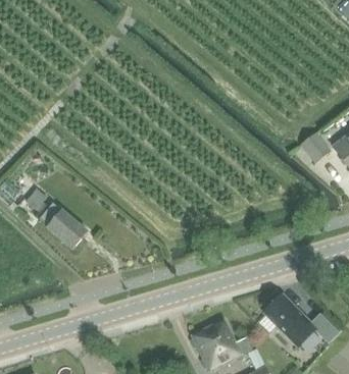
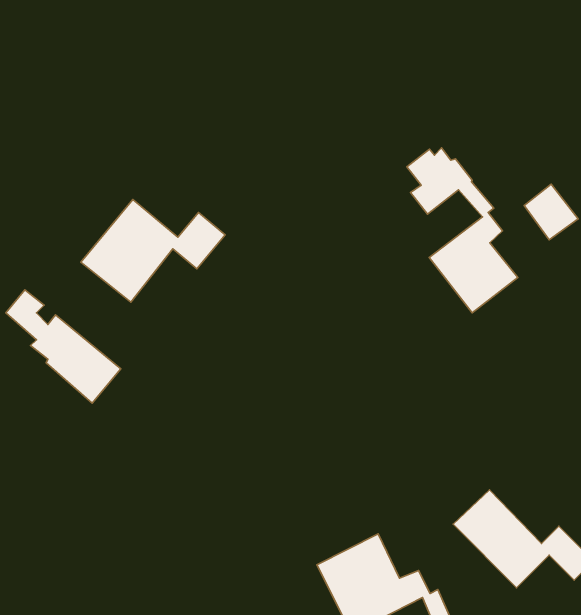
building: none -> [407,148,518,313]
building: none -> [81,200,225,302]

